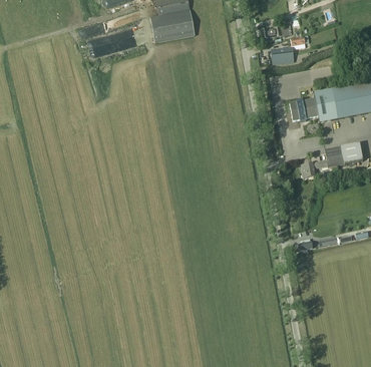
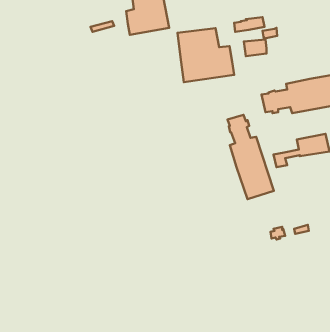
building: none -> [178,28,234,82]
building: none -> [227,115,274,199]

